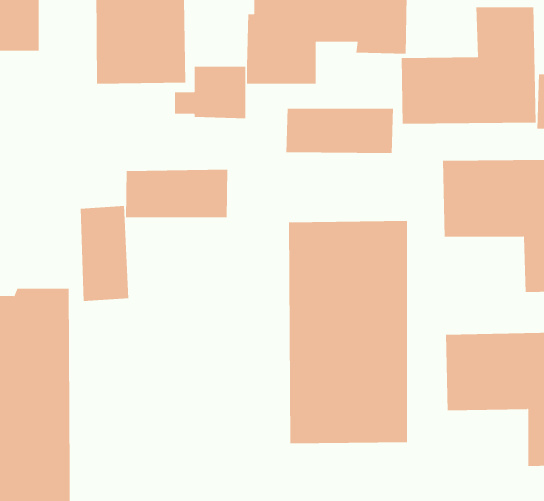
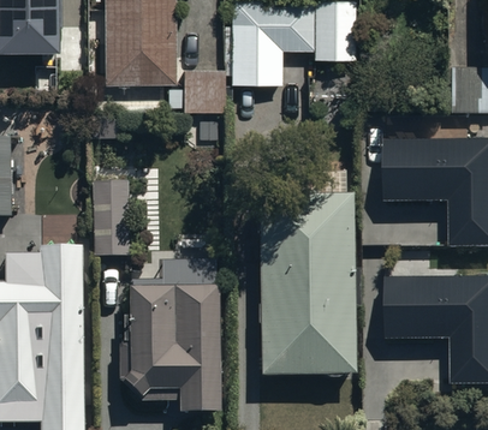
building: [401,6,536,125] -> none
building: [286,108,394,154] -> none
building: [125,169,228,218] -> none
building: none -> [118,257,219,410]

